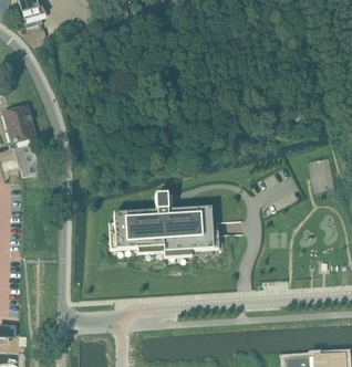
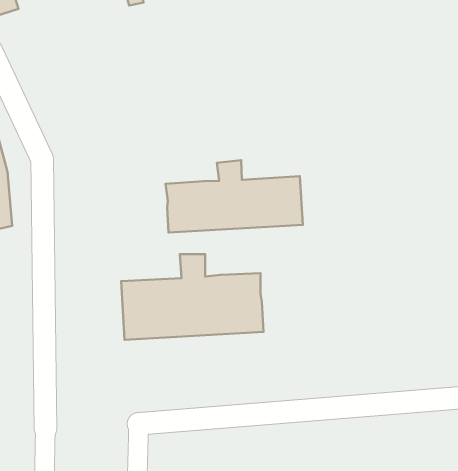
building: none -> [166,160,303,232]

